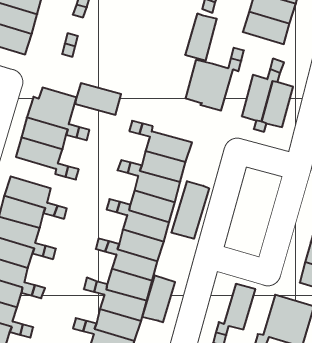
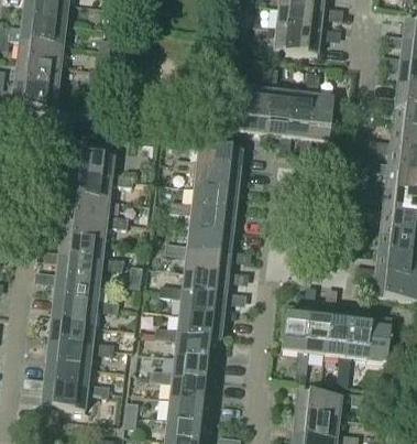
building: [185,14,217,60] -> [264,89,290,136]
building: [75,83,121,115] -> [197,144,242,171]
building: none -> [61,215,106,241]
building: [171,181,209,239] -> none
building: [142,275,175,322] -> [281,304,308,350]
building: none -> [323,310,350,355]

